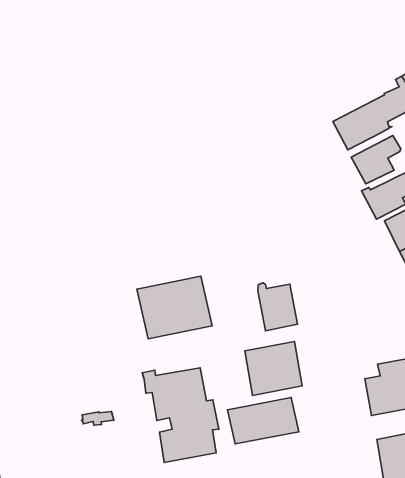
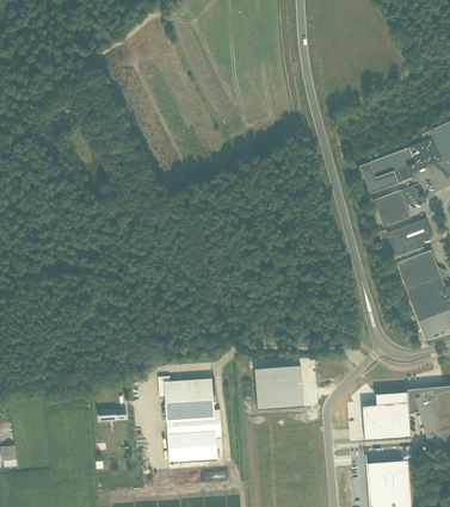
building: [137,276,212,339] -> none
building: [258,283,298,331] -> none
building: [227,398,299,444] -> none

